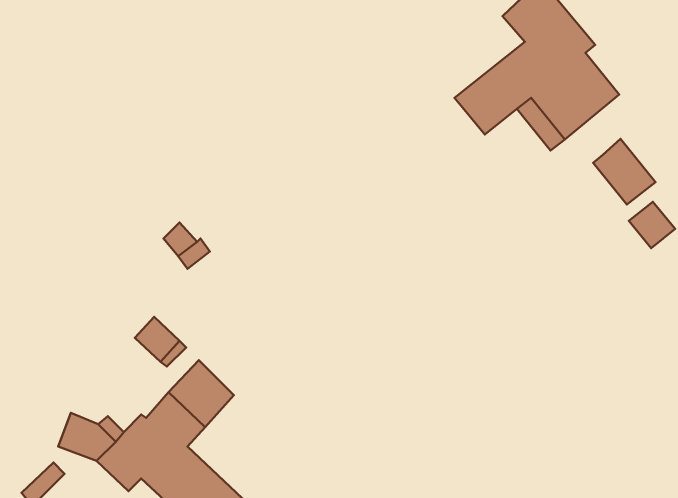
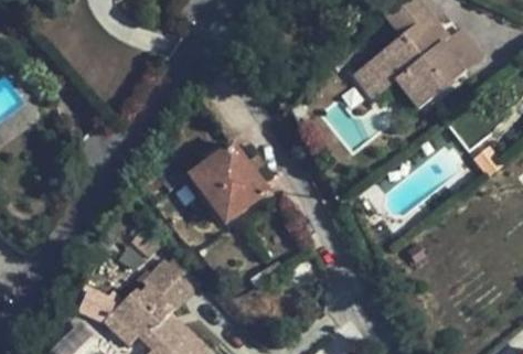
building: [593,139,656,204] -> [442,24,485,69]
building: none -> [188,142,268,223]

